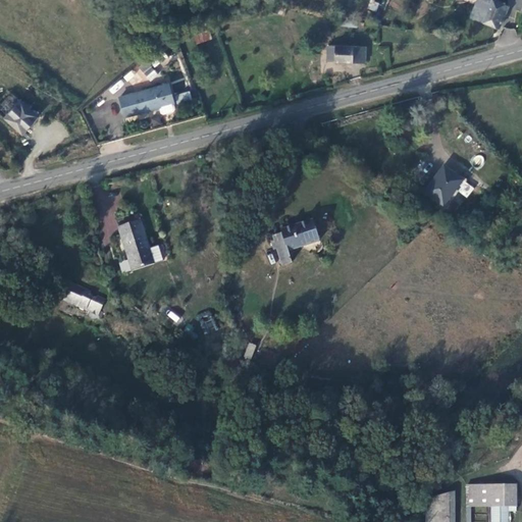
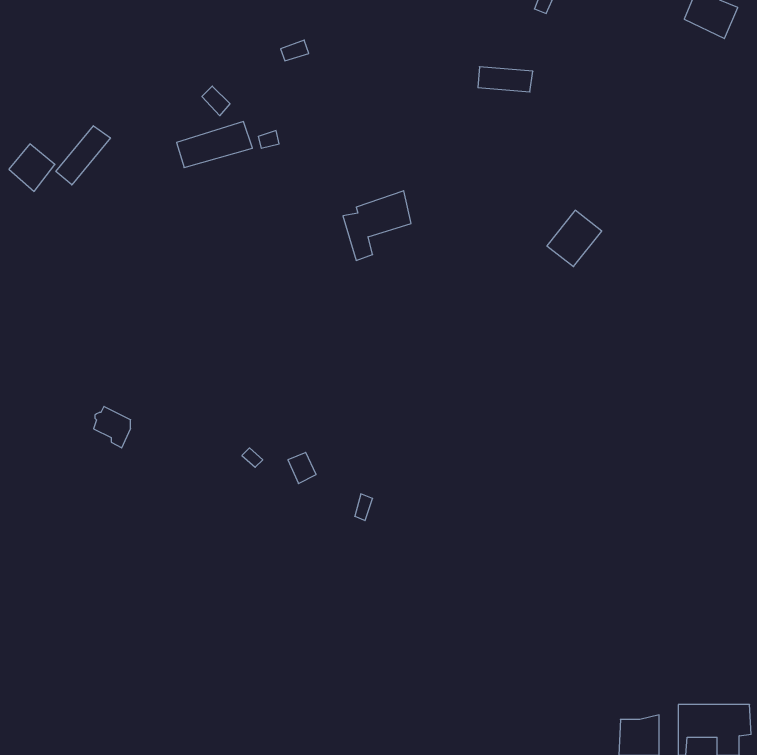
building: none -> [56,126,110,185]
building: [426,164,464,203] -> [547,210,602,267]
building: [277,212,324,260] -> [343,191,411,260]
building: [119,219,153,269] -> none

